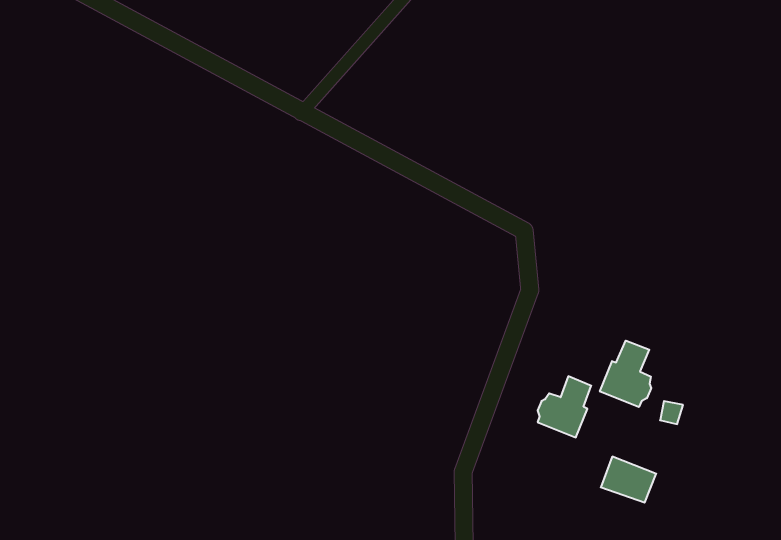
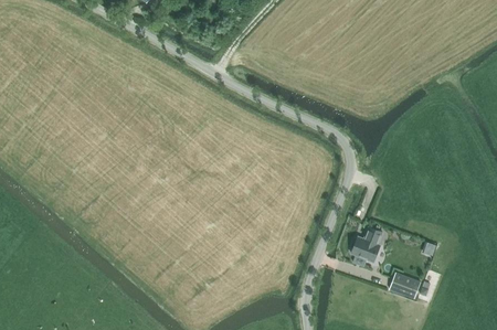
building: [600,341,651,407] -> none

